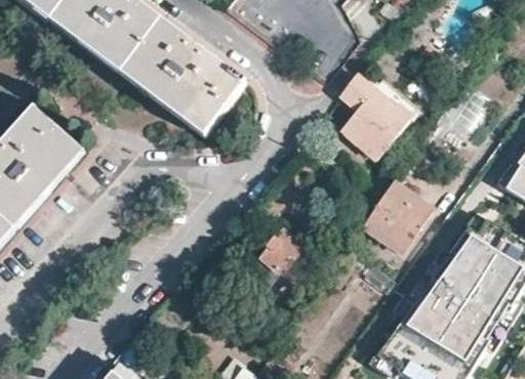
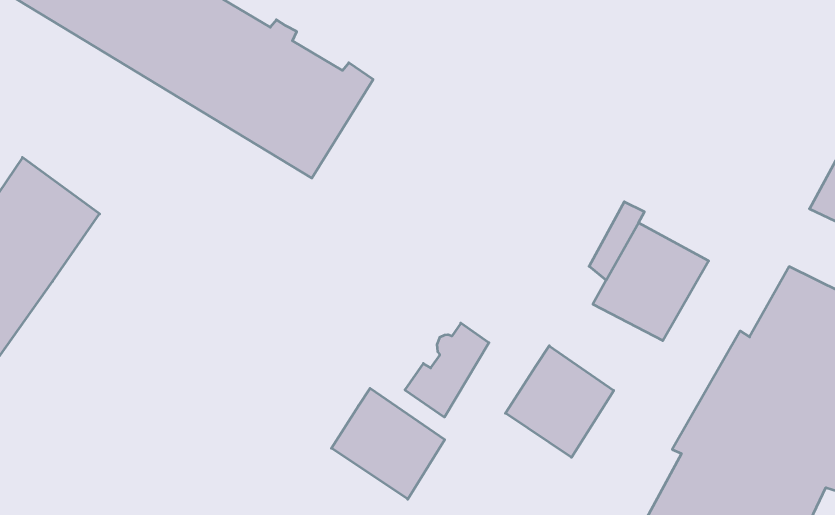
building: [341,72,422,158] -> none
building: none -> [505,346,614,457]
building: none -> [331,388,445,499]

